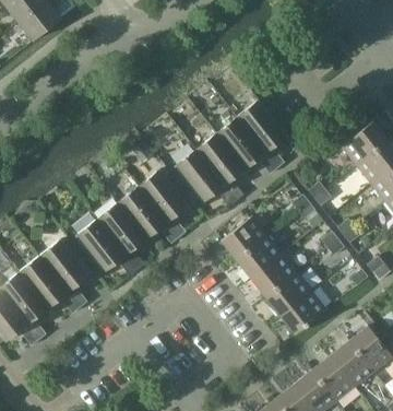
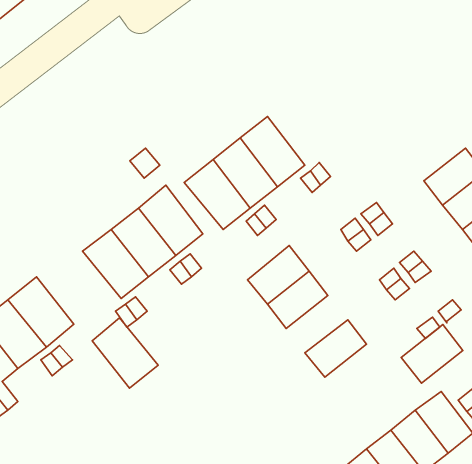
building: [237,99,287,153] -> none
building: [341,121,388,165] -> none
building: [75,219,126,272] -> [92,318,158,388]
building: [251,253,298,296] -> none
building: [281,290,328,334] -> [401,325,463,383]

